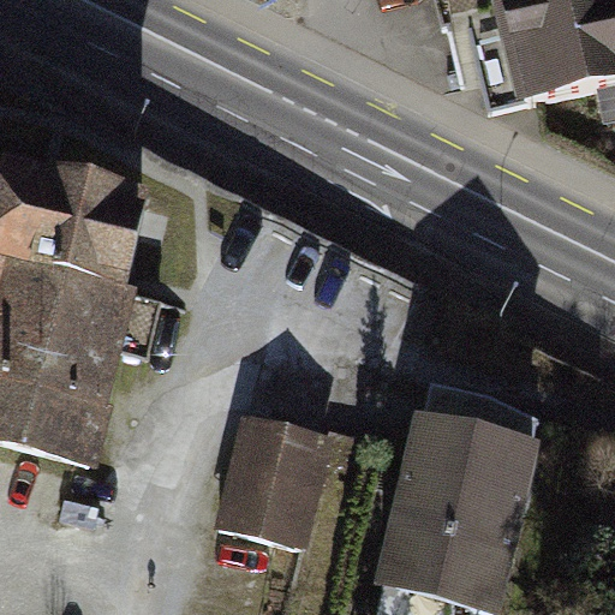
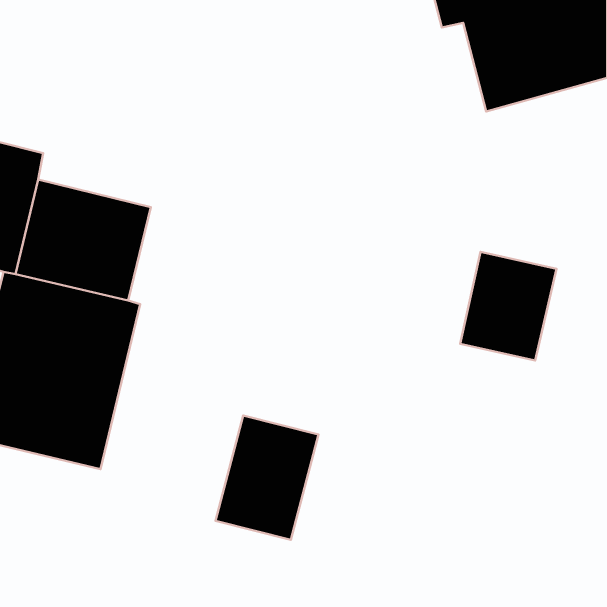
building: none -> [460,252,556,361]
building: [386,378,537,603] -> none

